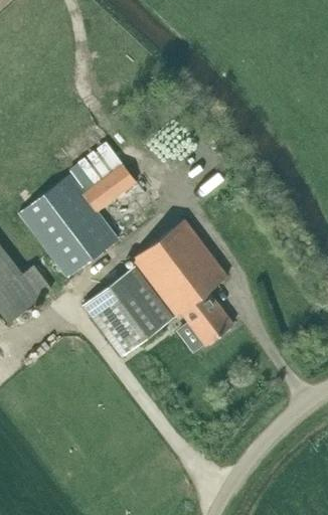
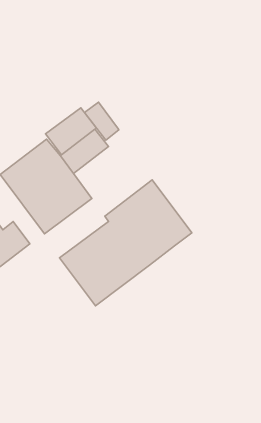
building: none -> [85,102,119,140]
building: [180,292,232,346] -> none

